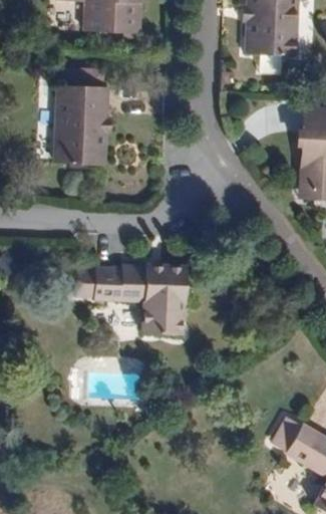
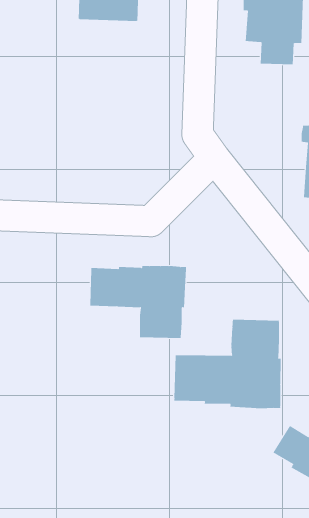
building: [53,84,112,167] -> none
building: none -> [174,319,281,409]

